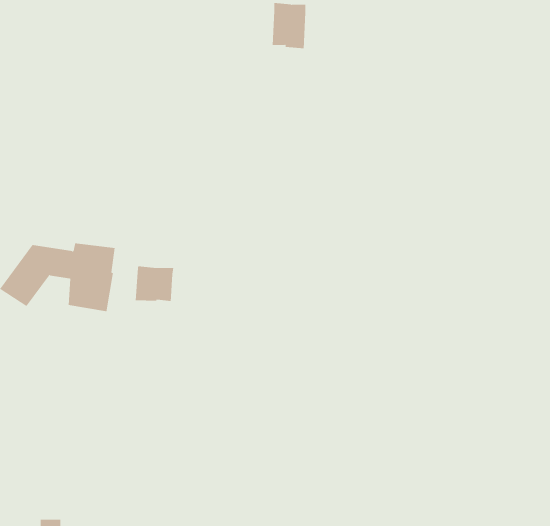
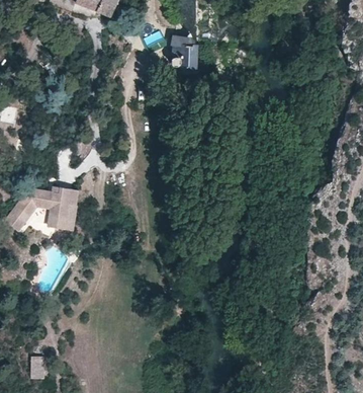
building: [135,266,174,302] -> none

